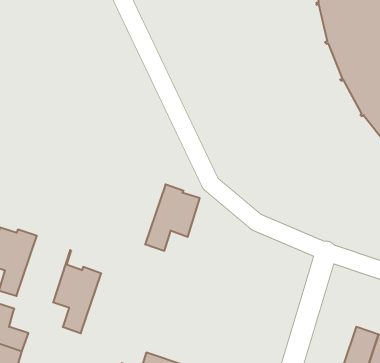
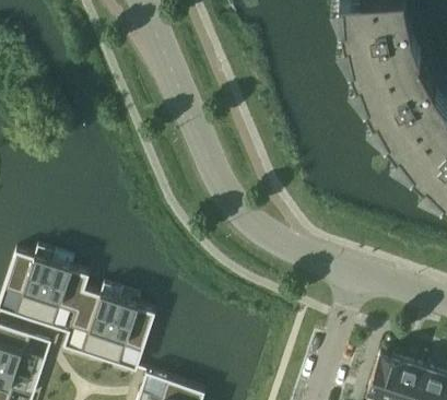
building: [145,184,200,251] -> [99,297,155,365]
building: none -> [34,259,89,327]

